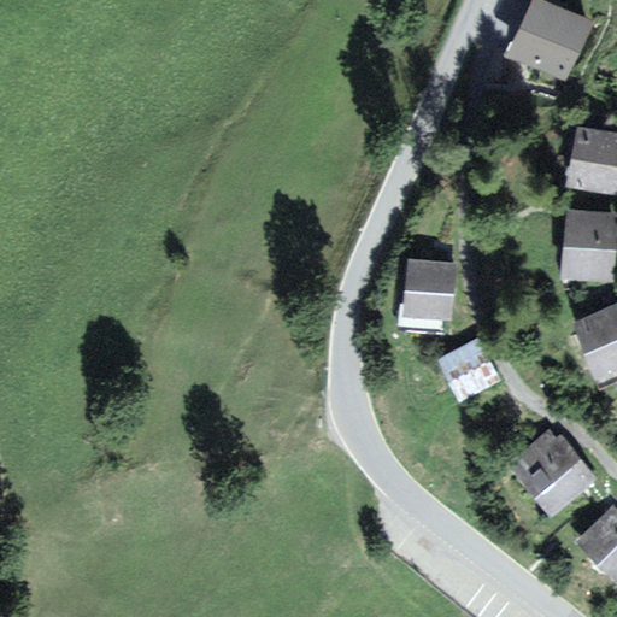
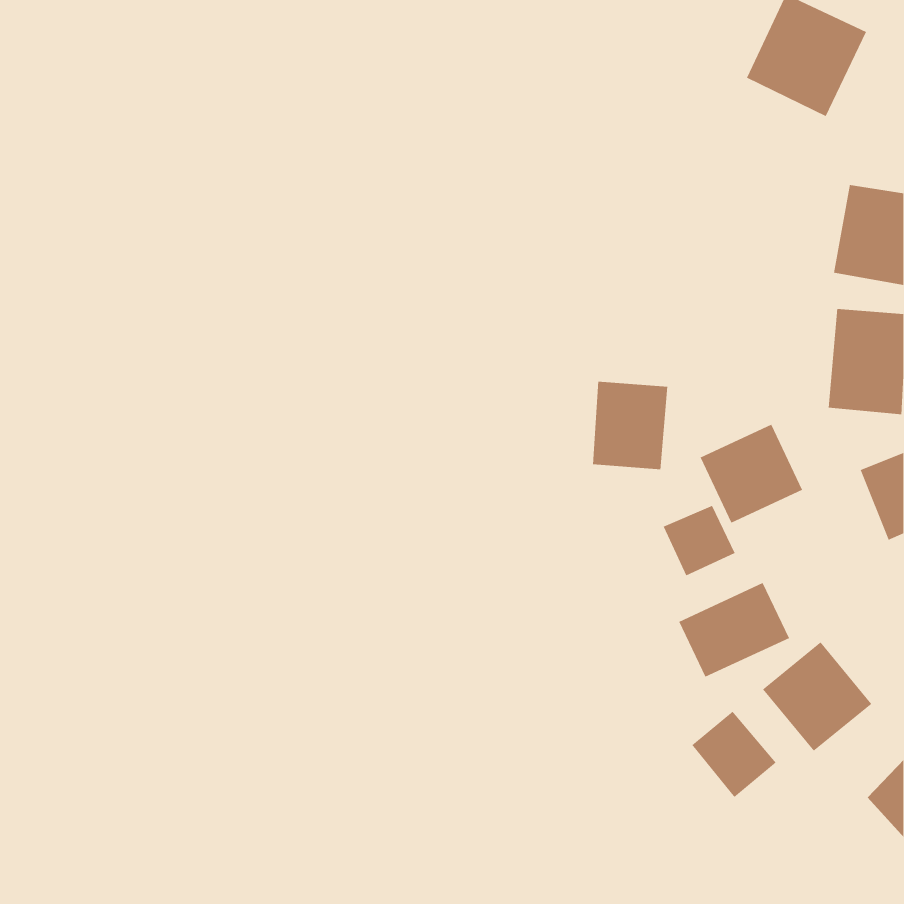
building: none -> [700,424,803,523]
building: none -> [678,582,790,678]
building: none -> [692,711,777,798]

